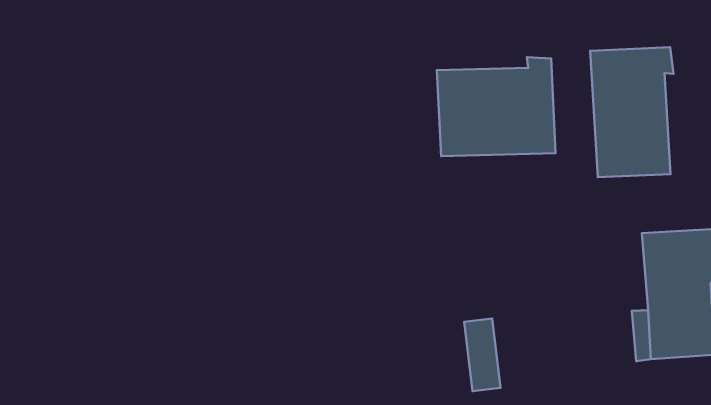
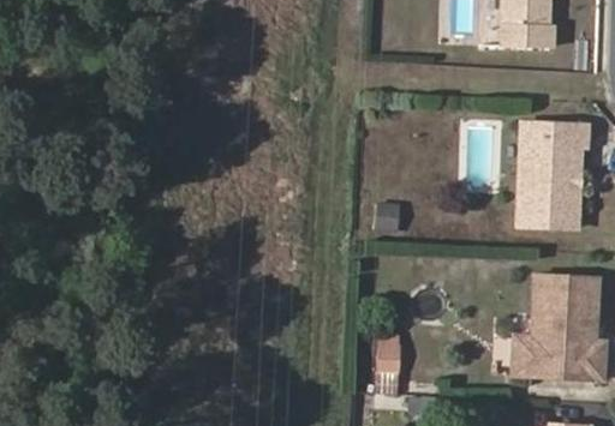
building: [437,57,555,156] -> none

